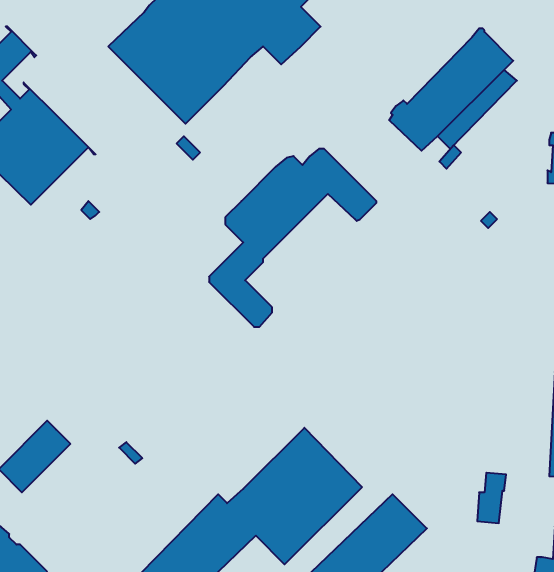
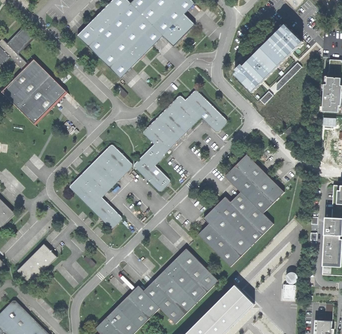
building: none -> [69,144,131,228]
building: none -> [197,154,283,266]

